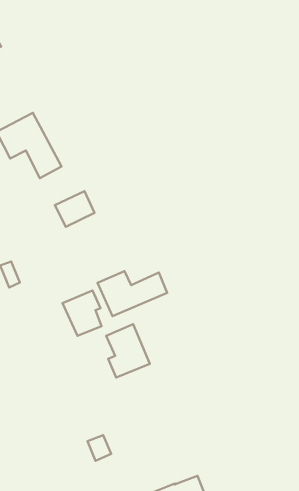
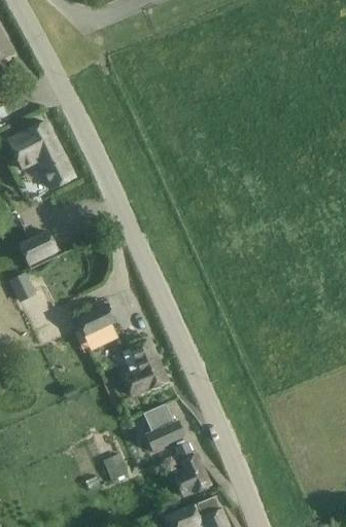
building: [55,191,94,227] -> [16,231,58,268]
building: [97,271,167,316] -> none
building: none -> [143,403,210,497]

